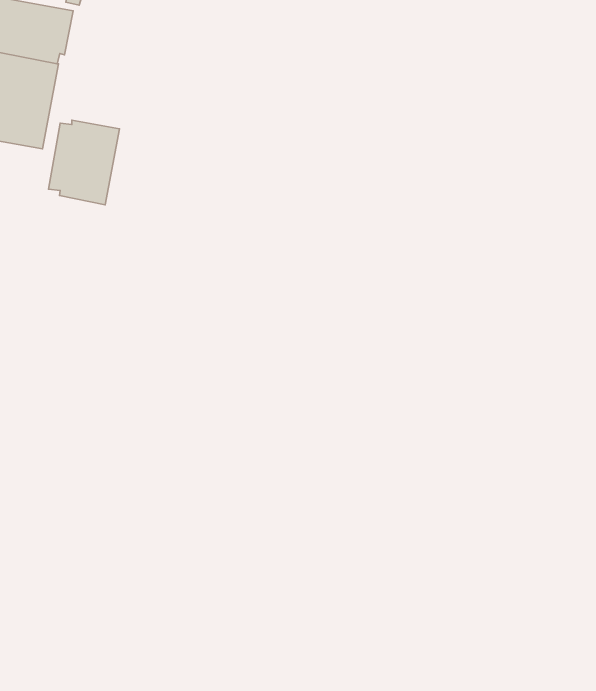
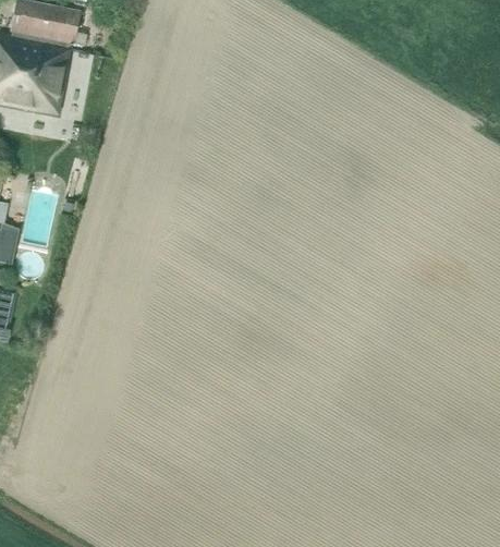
building: [49,120,120,205] -> none

